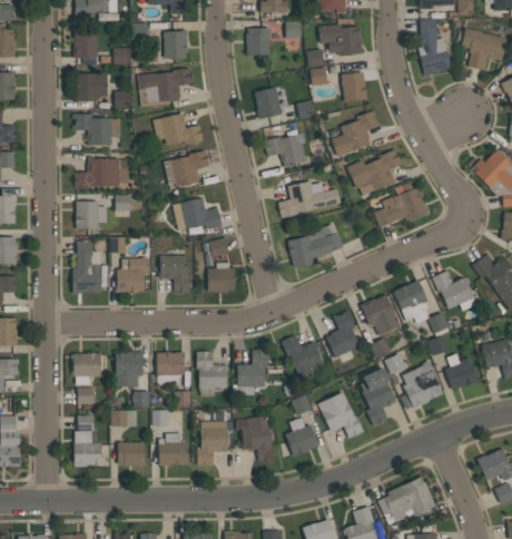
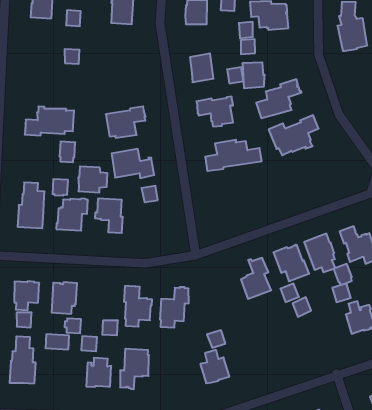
building: [137,69,191,107] -> none
building: [341,72,366,102] -> [242,62,265,88]
building: [75,74,107,101] -> none
building: [71,114,119,145] -> none
building: [152,114,203,146] -> none
building: [374,183,429,227] -> none
building: [75,202,107,229] -> [78,166,107,193]
building: [287,233,343,268] -> none
building: [206,263,235,293] -> none
building: [280,335,323,378] -> none
building: [157,352,185,386] -> none
building: [402,362,443,409] -> none
building: [361,367,396,427] -> none
building: [317,392,363,439] -> none
building: [236,416,275,463] -> none
building: [117,442,146,467] -> none

